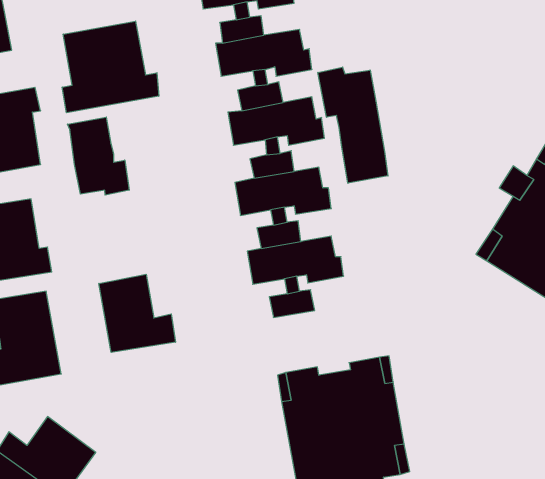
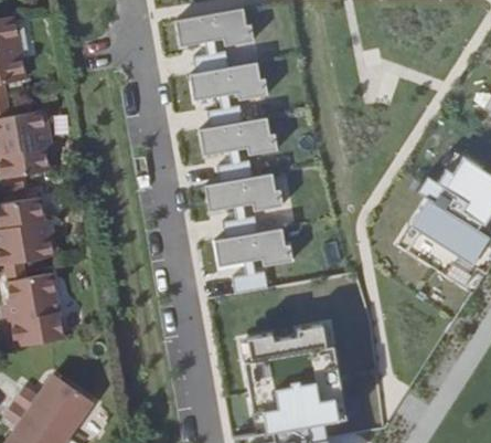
building: [62,21,159,113] -> none
building: [318,67,388,183] -> none
building: [68,117,129,195] -> none
building: [99,274,175,352] -> none

